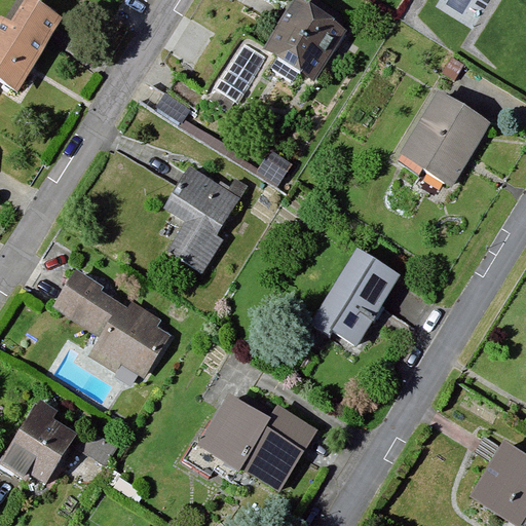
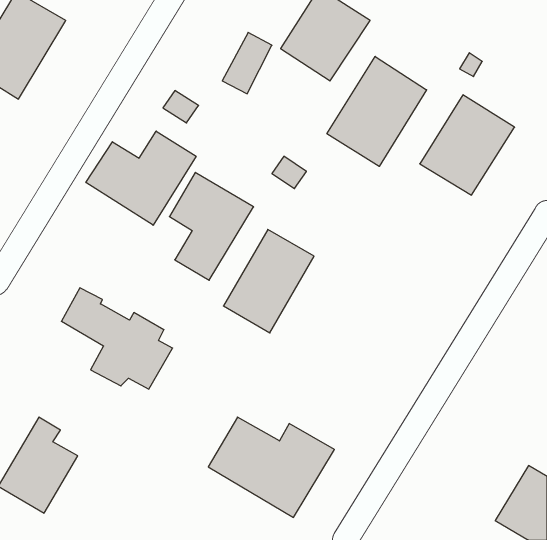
building: none -> [327,56,427,166]
building: none -> [86,131,196,225]
building: [312,251,399,349] -> [223,229,314,333]

